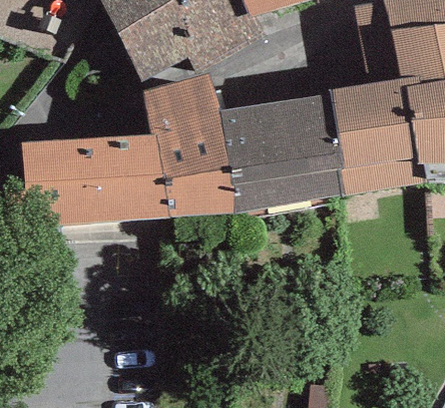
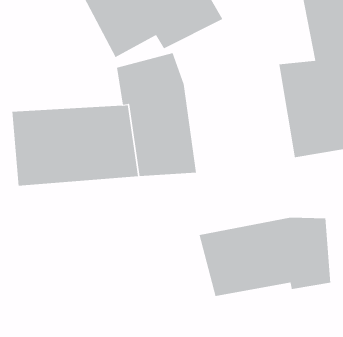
building: [220,92,346,212] -> none
building: none -> [199,217,331,297]

